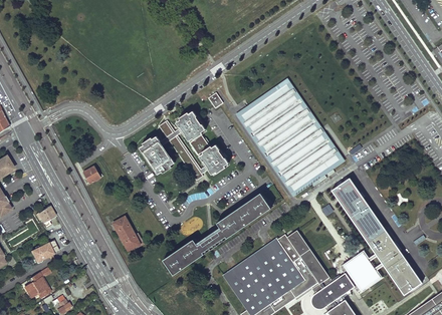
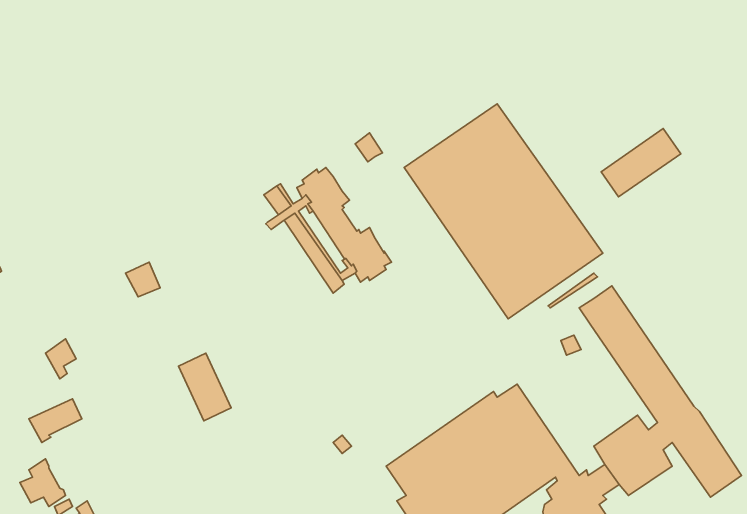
building: none -> [601,129,681,197]
building: [139,136,174,175] -> none
building: [162,191,270,274] -> none

